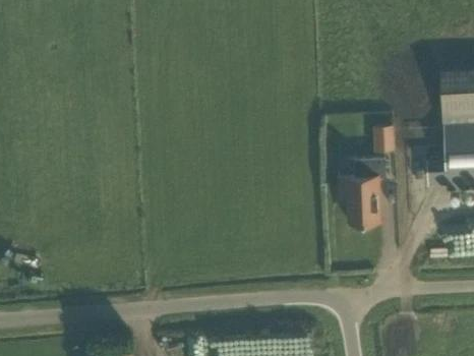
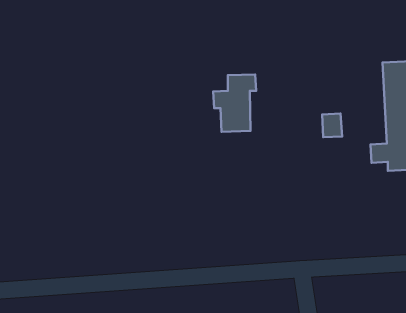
building: [340,161,388,225] -> [213,74,256,132]

